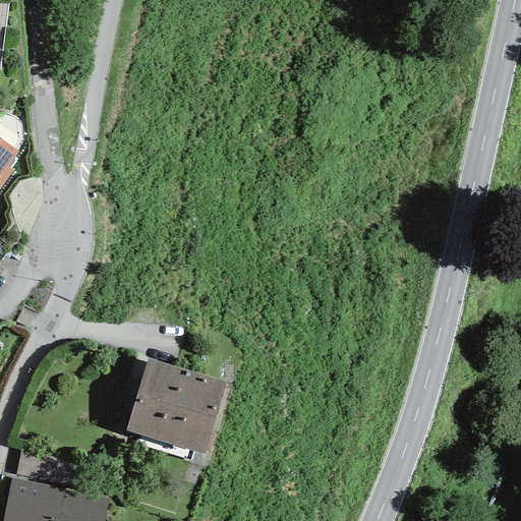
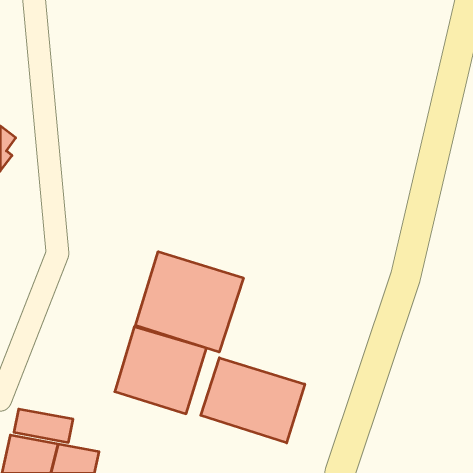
building: none -> [136,252,243,352]
building: none -> [201,358,305,443]

